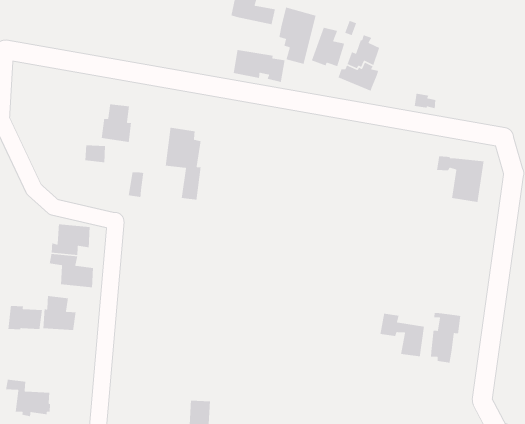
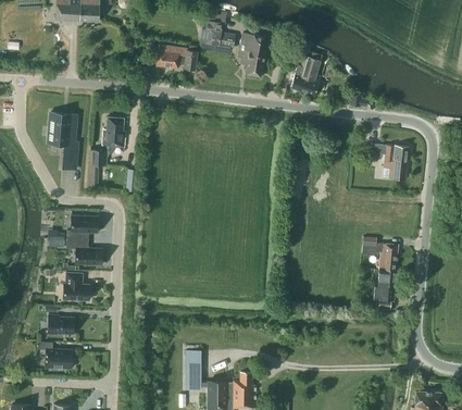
building: [311,27,345,67] -> none
building: [233,49,285,83] -> [155,45,197,70]
building: [165,127,202,201] -> [48,111,77,169]
building: [7,305,43,330] -> [47,314,74,334]
building: [379,313,425,357] -> [361,236,397,270]

